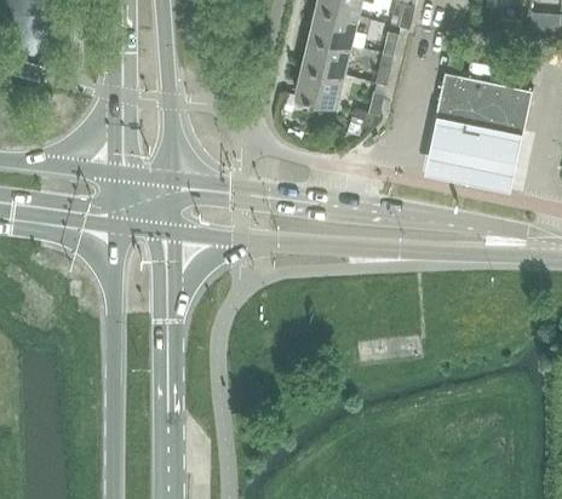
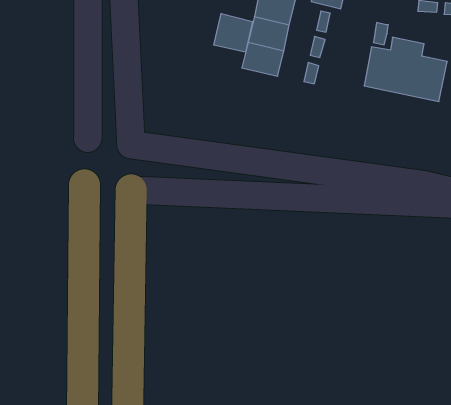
building: none -> [214,13,253,52]
building: [424,119,522,193] -> none

